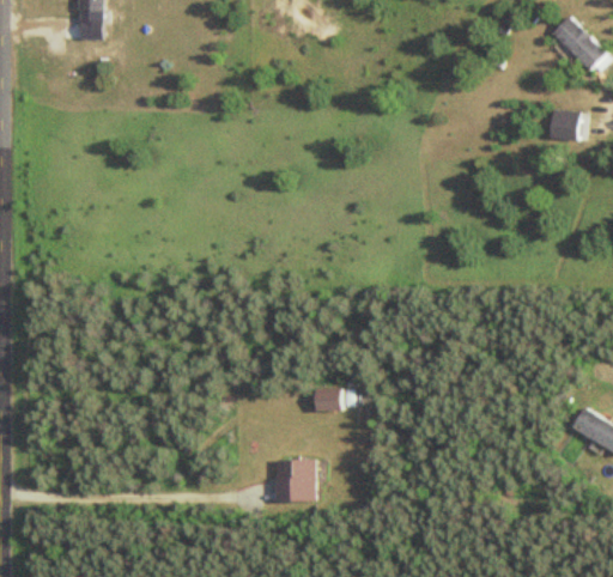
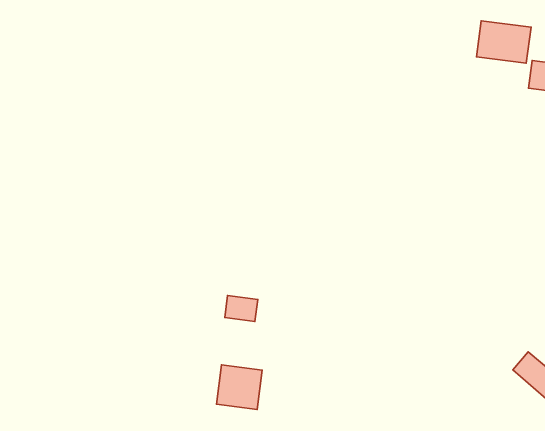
building: none -> [476,21,531,63]
building: [312,389,344,412] -> [225,296,258,322]

